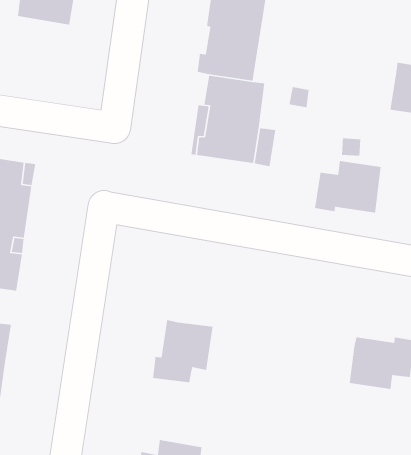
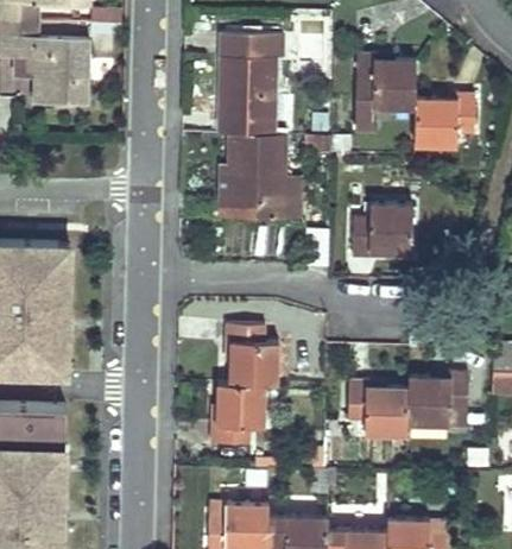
building: none -> [355,56,416,134]
building: none -> [225,324,277,386]
building: none -> [347,381,406,437]

